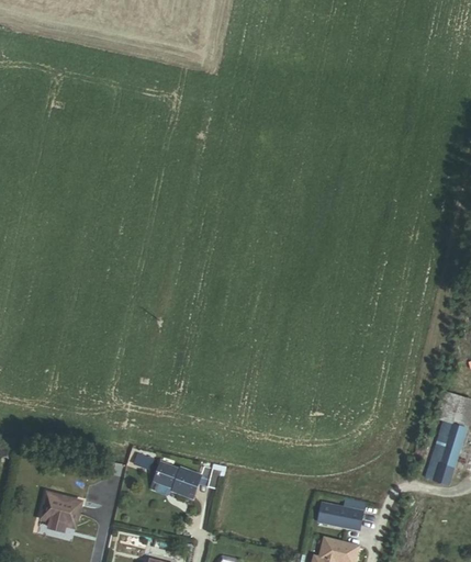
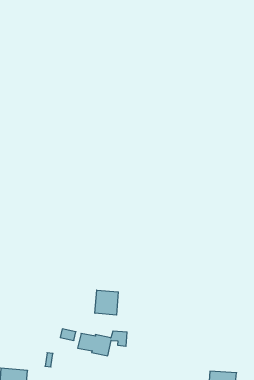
building: none -> [95,290,118,315]
building: [317,504,361,530] -> none

